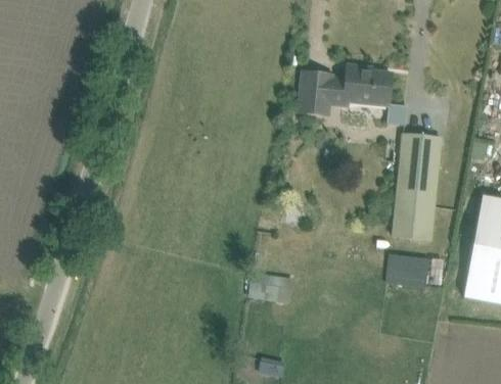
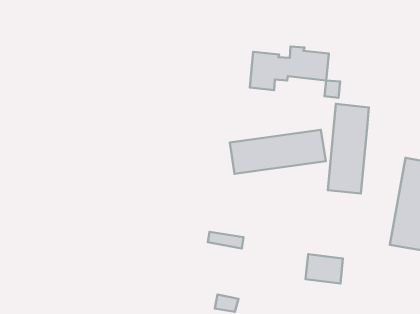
building: none -> [230,130,326,174]
building: [385,253,429,288] -> [306,254,343,284]

